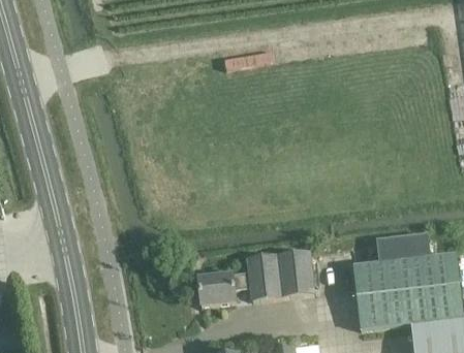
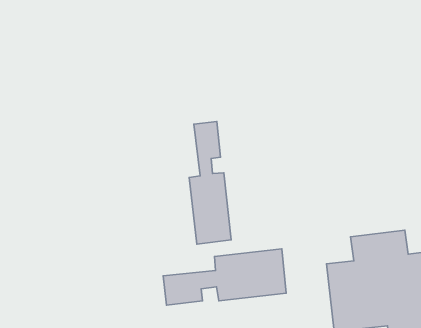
building: none -> [189,121,231,244]

